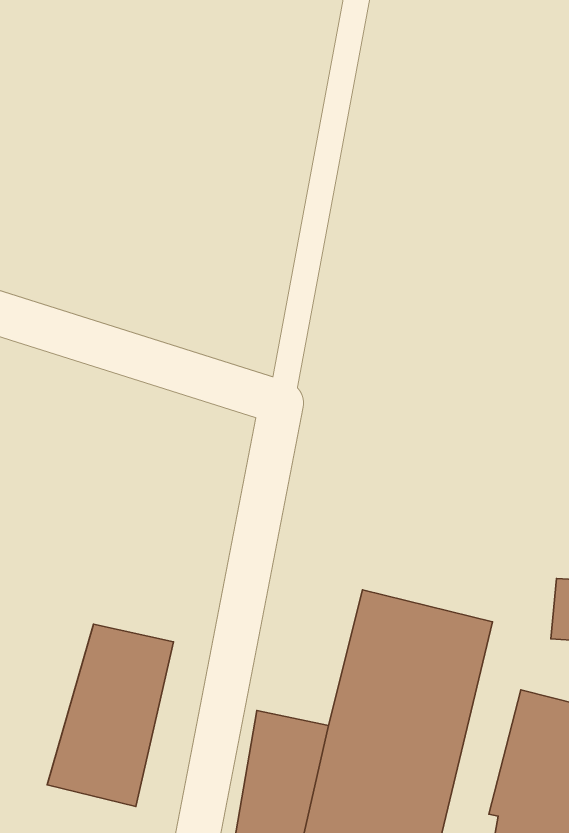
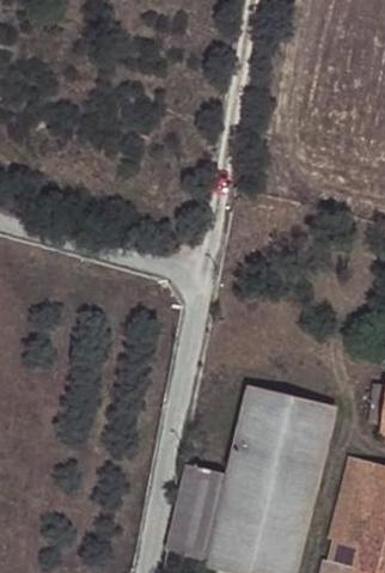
building: [47,624,174,807] -> none

